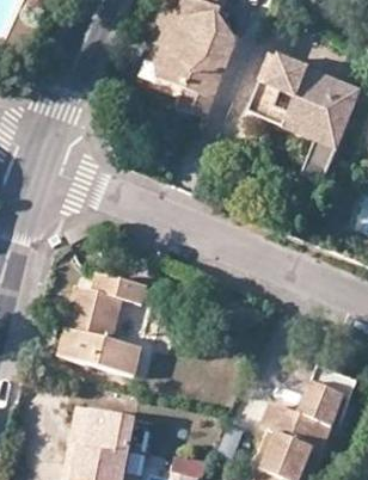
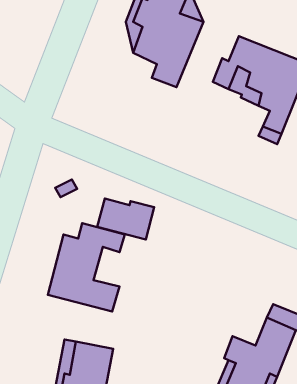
building: none -> [97,199,154,240]

